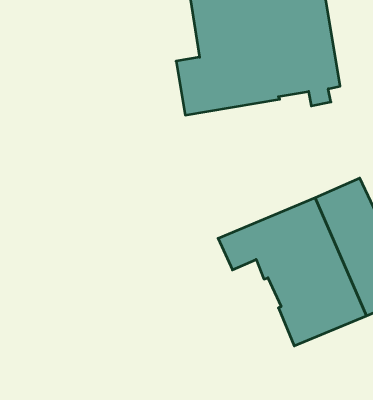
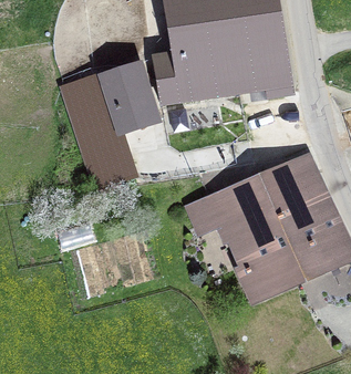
building: none -> [61,64,152,187]

